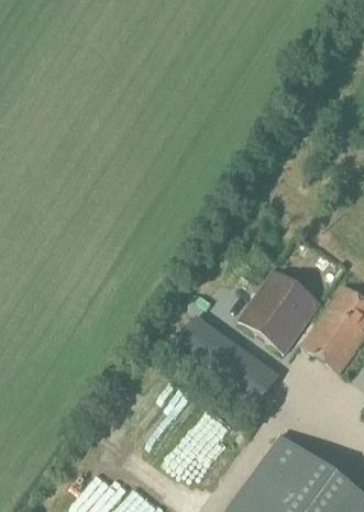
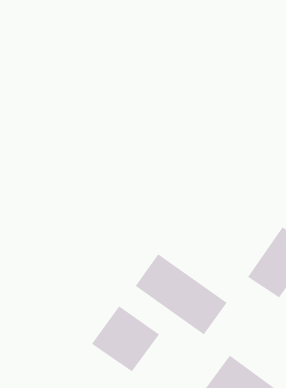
building: [242,269,322,350] -> none
building: none -> [91,305,160,372]

